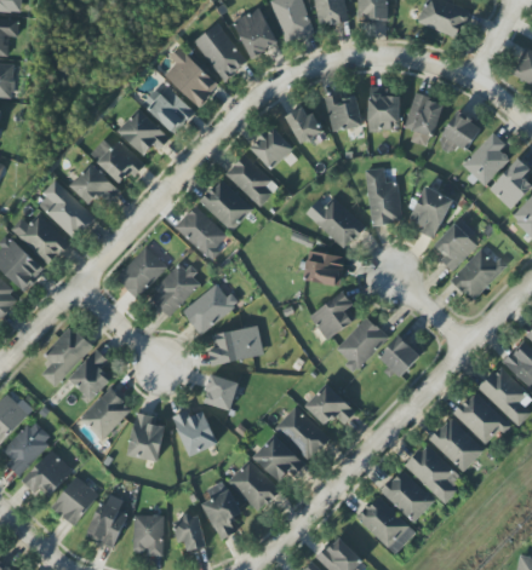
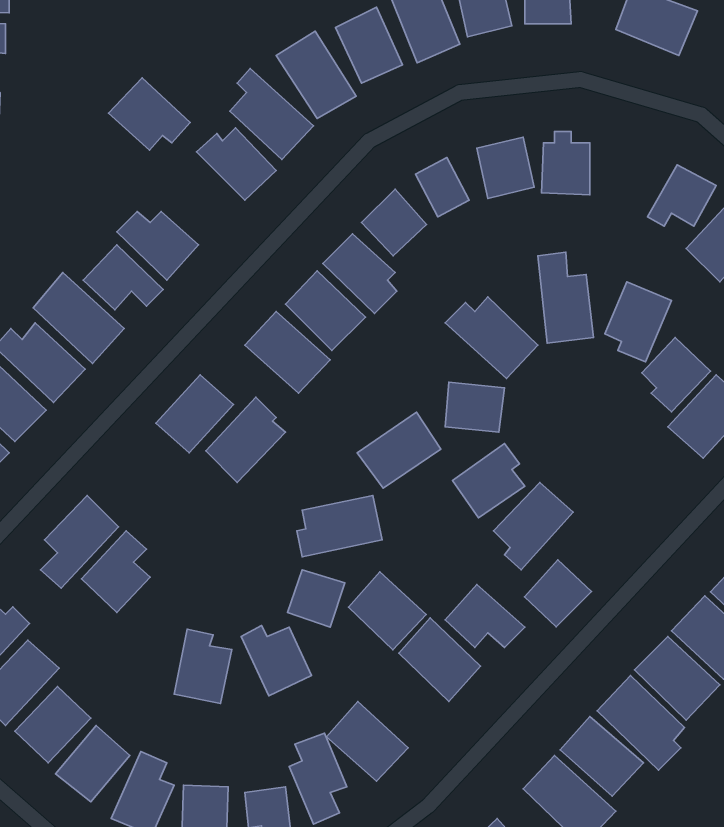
building: [405,94,440,146] -> none
building: [116,108,170,155] -> [109,78,190,150]
building: [181,283,235,333] -> [357,412,441,488]
building: [378,333,422,376] -> [525,560,591,627]
building: [80,388,131,439] -> none
building: [252,434,303,485] -> [348,572,426,650]

